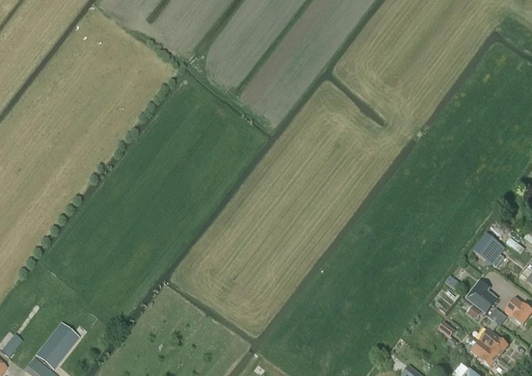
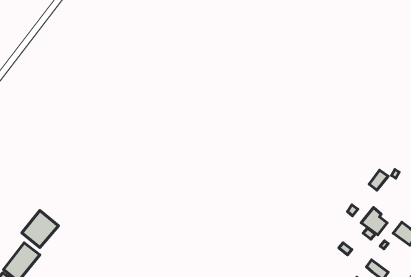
building: none -> [22,211,58,247]
building: [478,330,508,357] -> none

